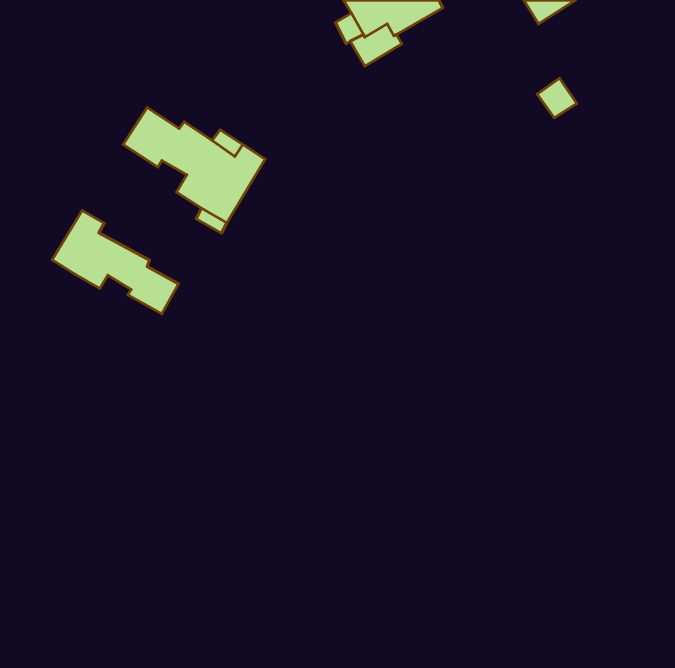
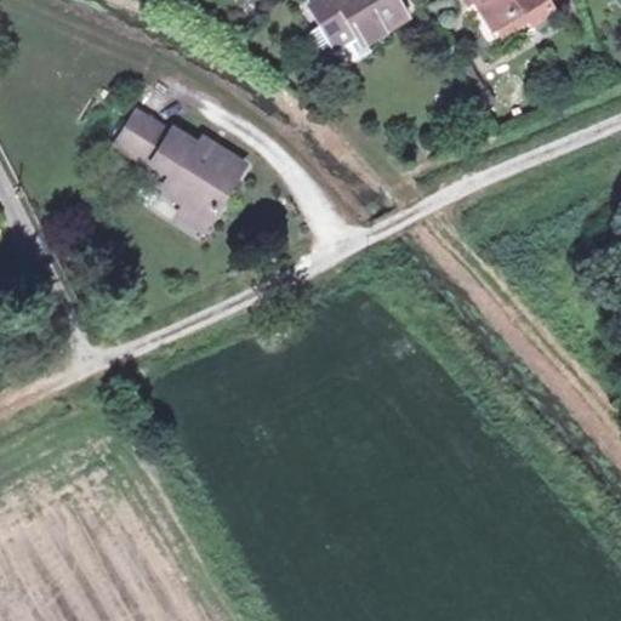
building: [52,211,179,314] -> none

